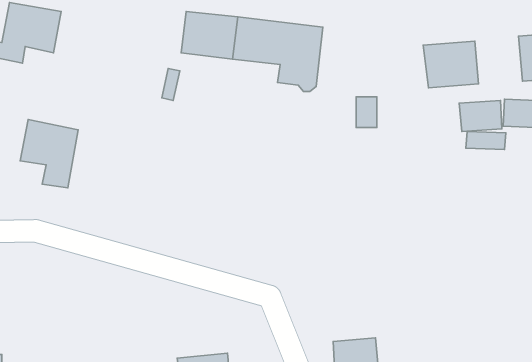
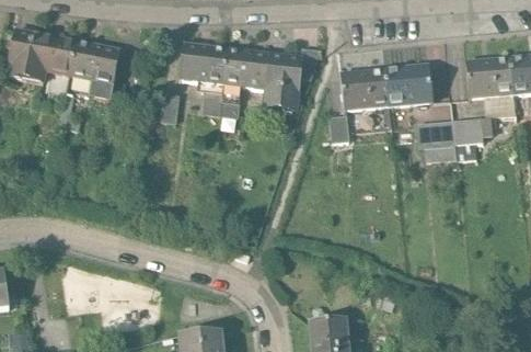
building: none -> [342,70,390,111]
building: none -> [203,83,236,113]
building: [20,120,78,188] -> [71,42,120,100]

